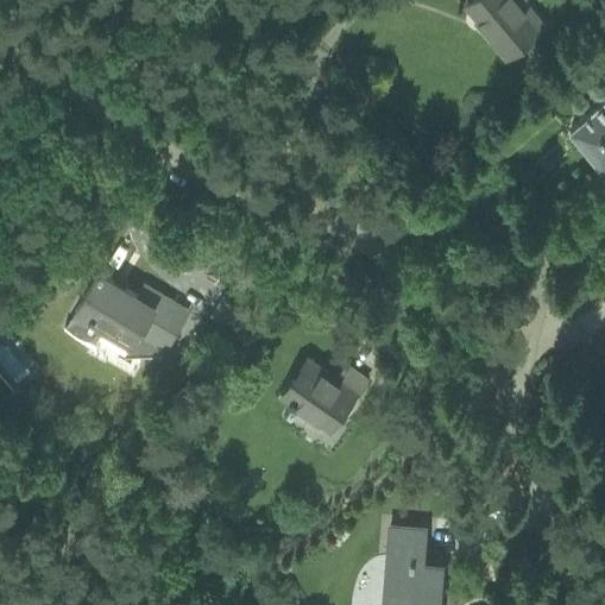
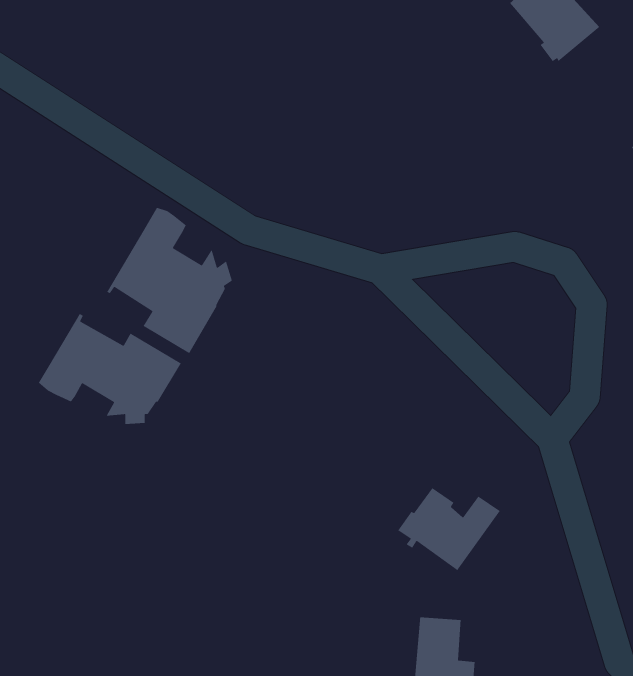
building: none -> [106,207,233,354]
building: [279,361,367,433] -> [397,487,501,571]

